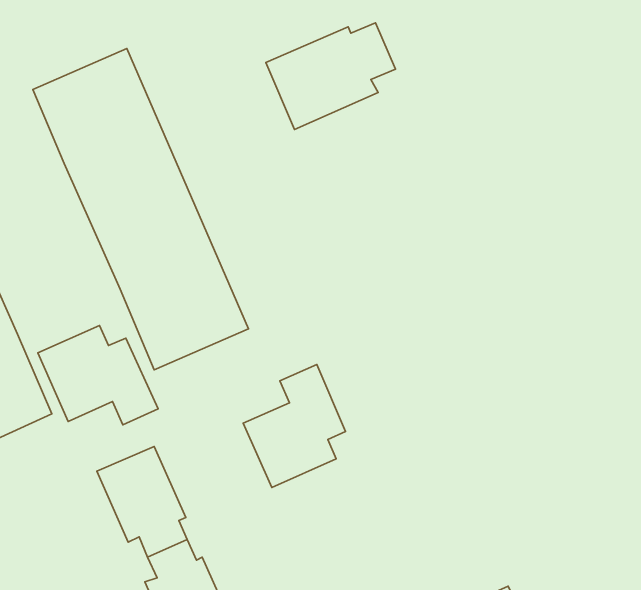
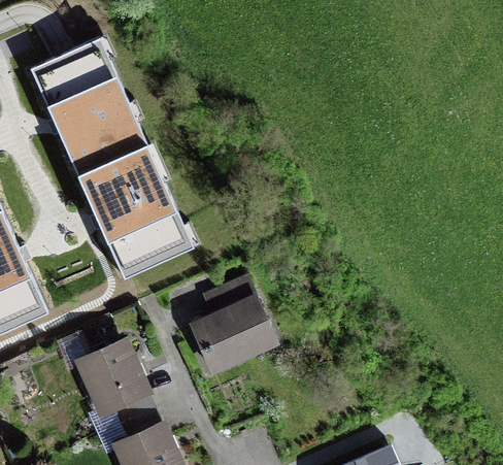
building: [266,23,396,130] -> none
building: [38,325,158,425] -> none

